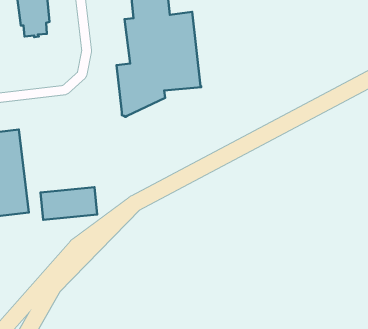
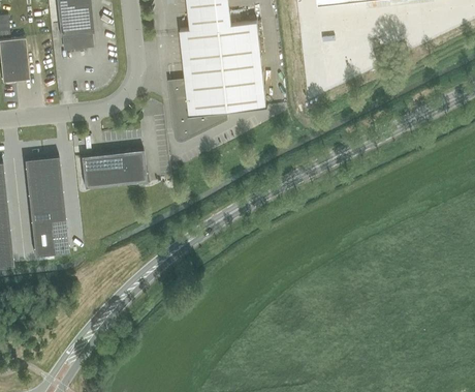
building: [40,187,97,220] -> [82,151,147,188]

